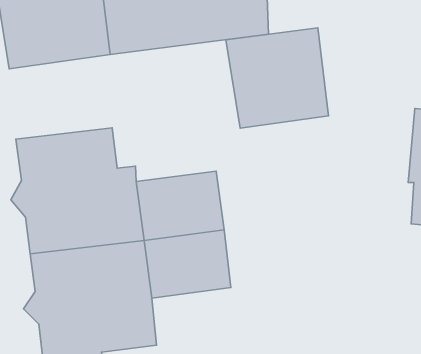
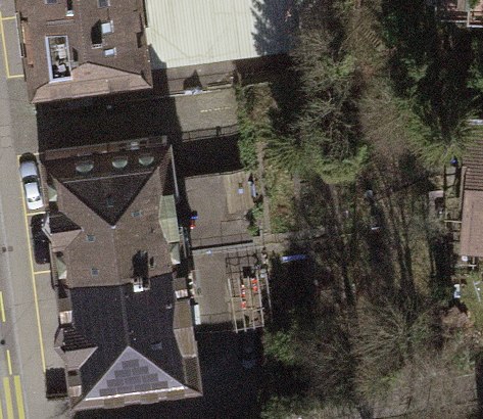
building: [226,28,328,128] -> none

